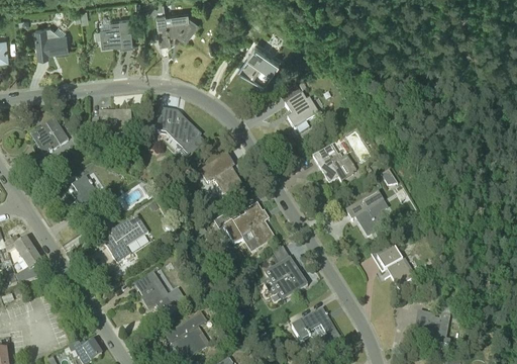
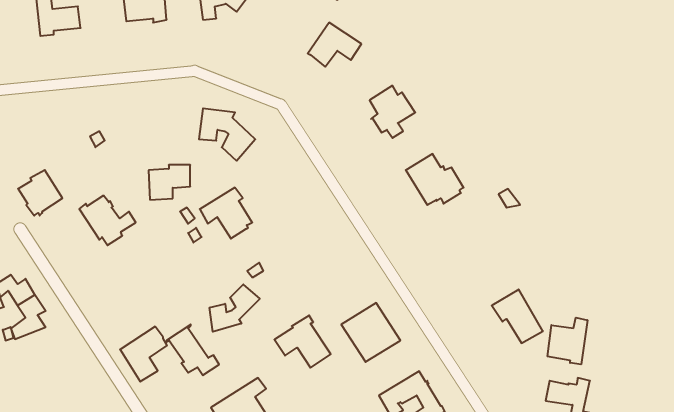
building: [100,108,131,134] -> [149,165,190,200]
building: [34,117,68,152] -> [18,170,62,216]
building: [200,156,239,194] -> [200,188,252,239]
building: [346,189,389,235] -> none
building: [231,204,274,244] -> [274,315,331,368]
building: [102,218,137,260] -> [120,327,167,382]
building: none -> [210,284,260,332]
building: none -> [548,318,587,364]

